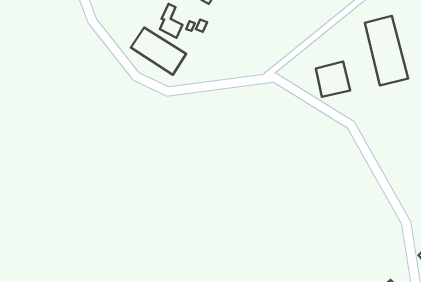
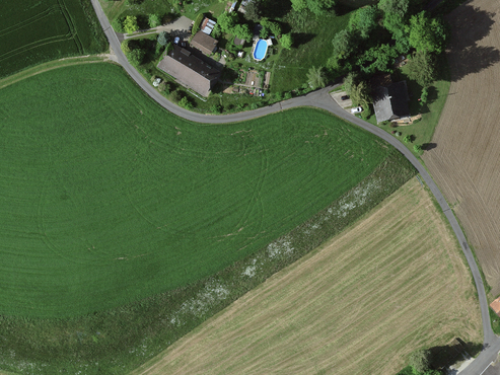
building: [365,16,408,85] -> none

